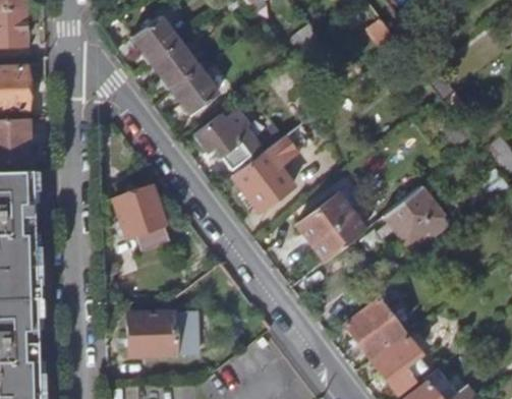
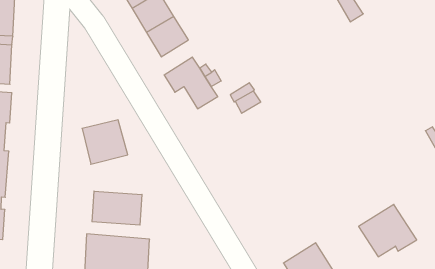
building: [232,150,293,211] -> none
building: [383,186,447,244] -> [359,204,417,257]
building: [296,192,364,261] -> none
building: none -> [92,191,142,225]

